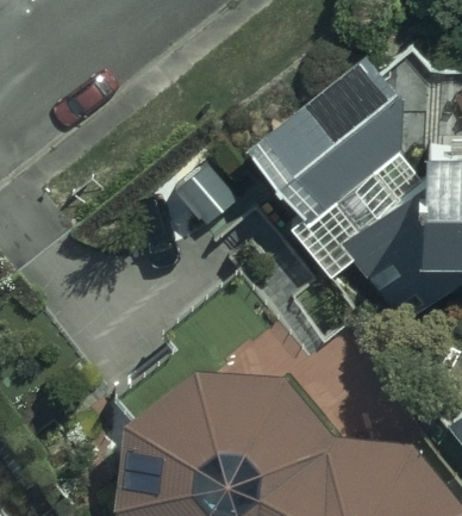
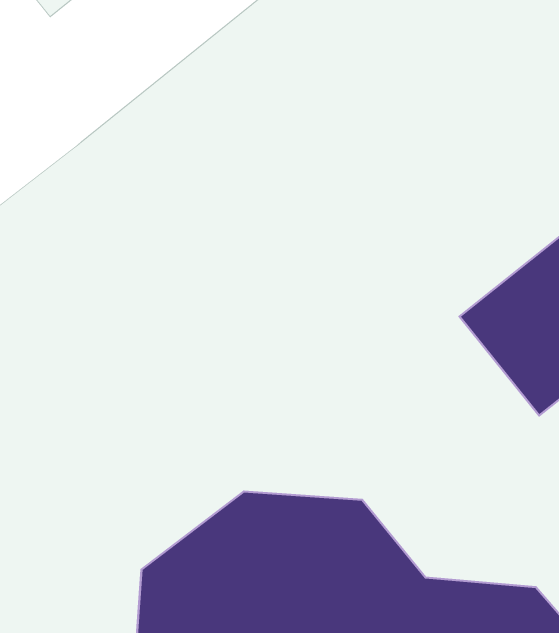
building: [255,51,406,216] -> none

